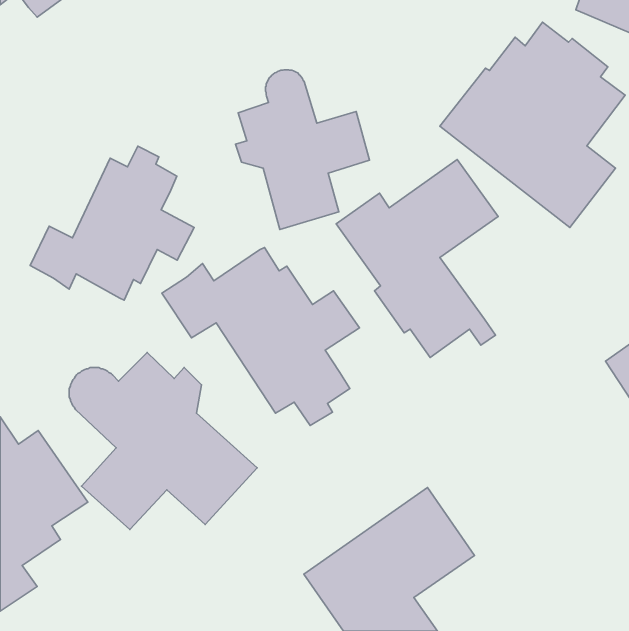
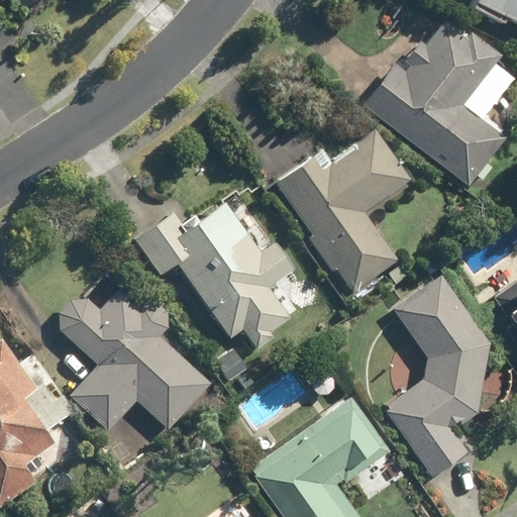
building: [235,70,369,229] -> none
building: [30,146,194,300] -> none
building: none -> [384,276,489,476]

